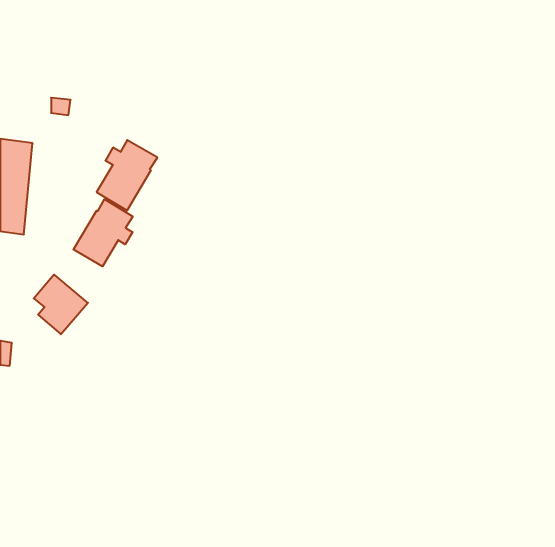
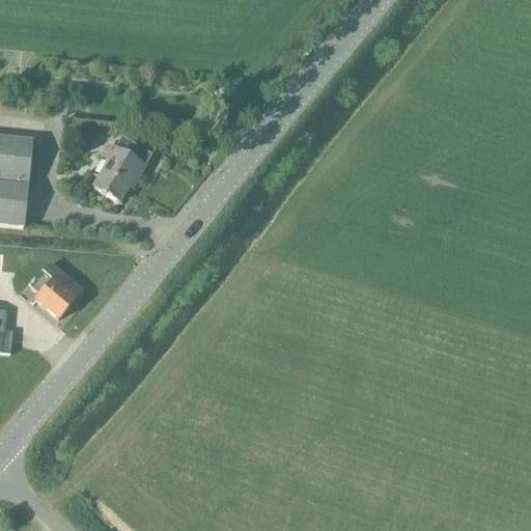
building: [73,199,133,266] -> none

